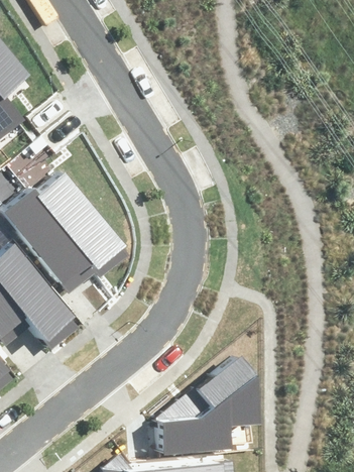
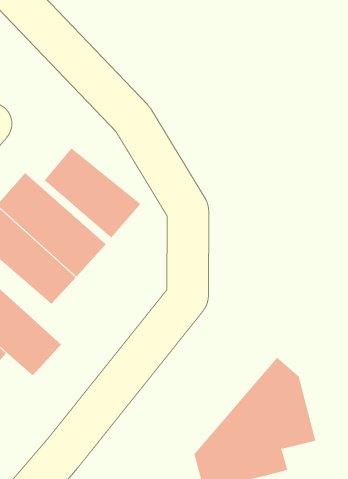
building: none -> [44,148,141,238]

